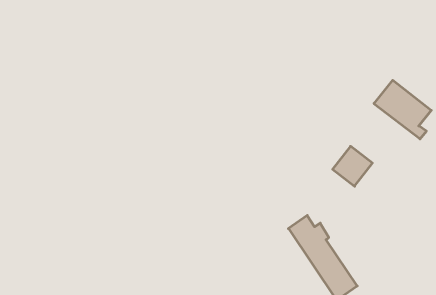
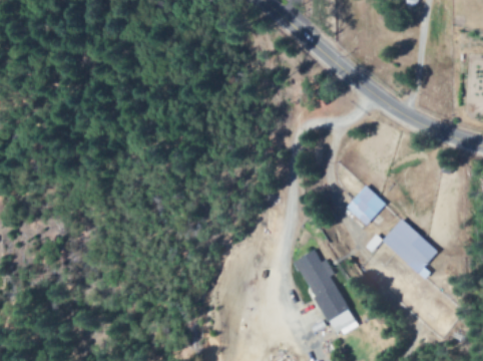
building: [374,80,431,139] -> [382,219,438,280]

